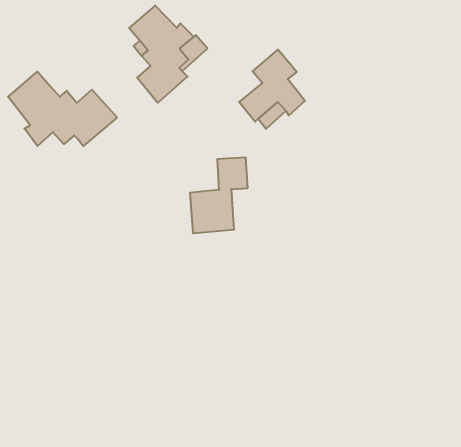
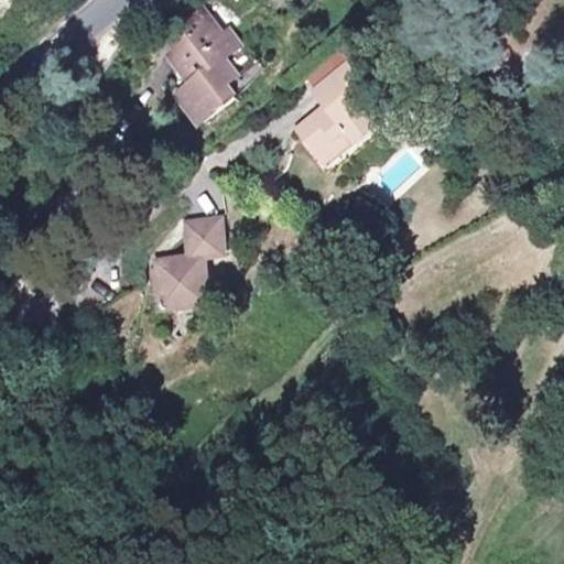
building: [8,72,117,146] -> none
building: [190,158,248,233] -> [155,219,226,312]

